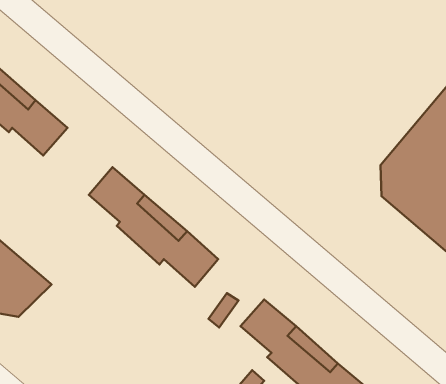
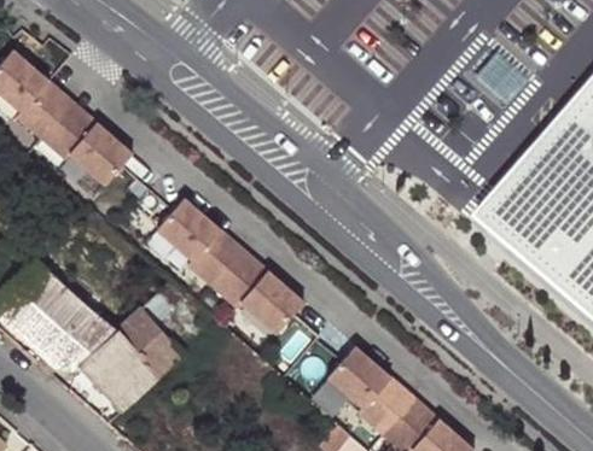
building: none -> [79,308,181,410]

